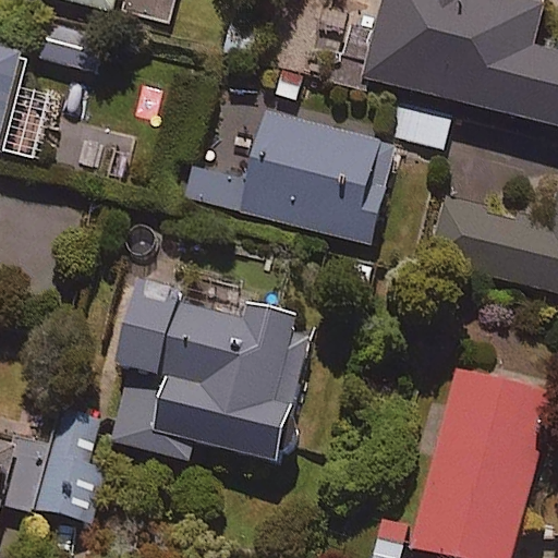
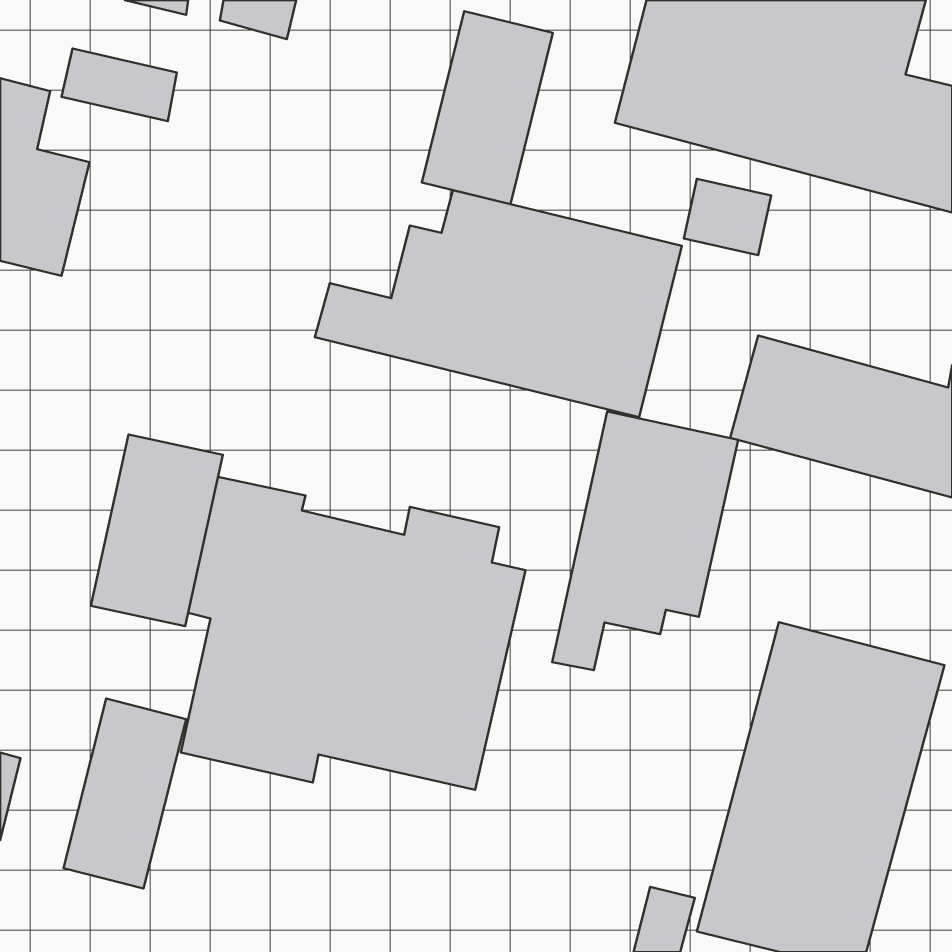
building: none -> [422,11,553,204]
building: none -> [552,412,738,670]
building: none -> [91,434,223,626]

